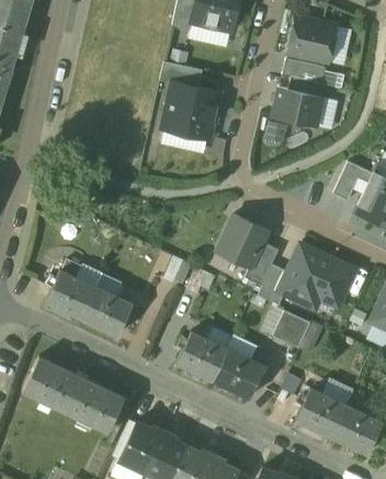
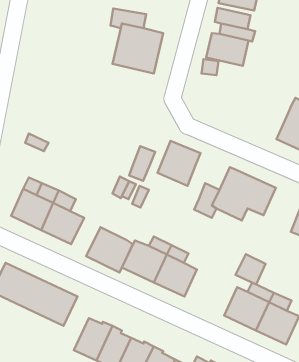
building: [334,163,374,201] -> none
building: [249,243,280,283] -> [129,146,155,181]
building: [274,312,309,347] -> [236,254,266,284]
building: none -> [86,227,133,272]

